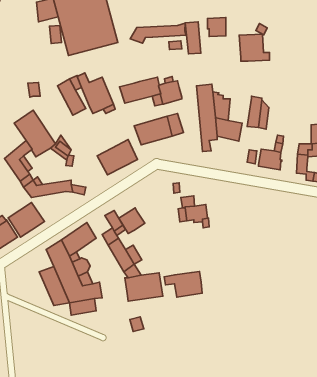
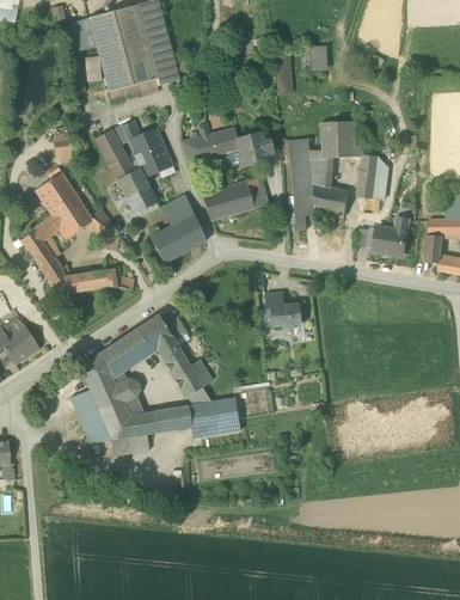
building: [130,23,186,43] -> none
building: [239,34,269,61] -> [323,120,364,157]
building: none -> [117,166,158,212]
building: none -> [161,194,194,225]
building: [8,203,45,237] -> none
building: [119,208,145,234] -> [136,313,172,349]
building: [164,271,202,297] -> none
building: none -> [154,404,192,431]

